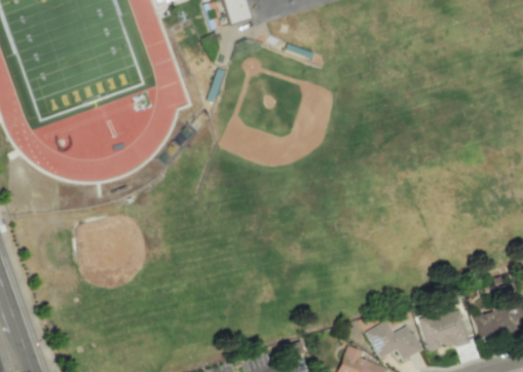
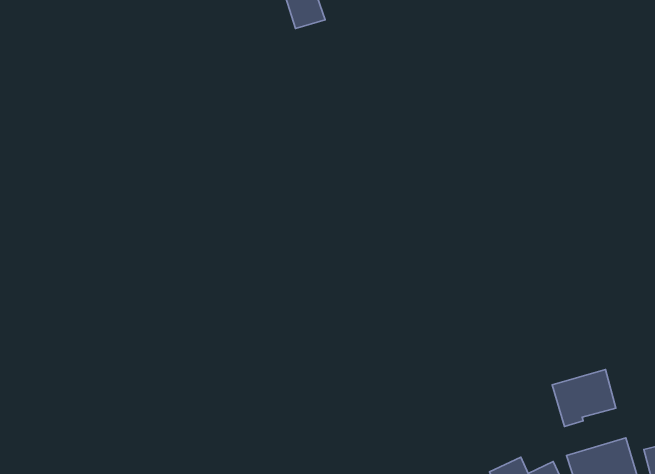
building: none -> [552,370,616,427]

